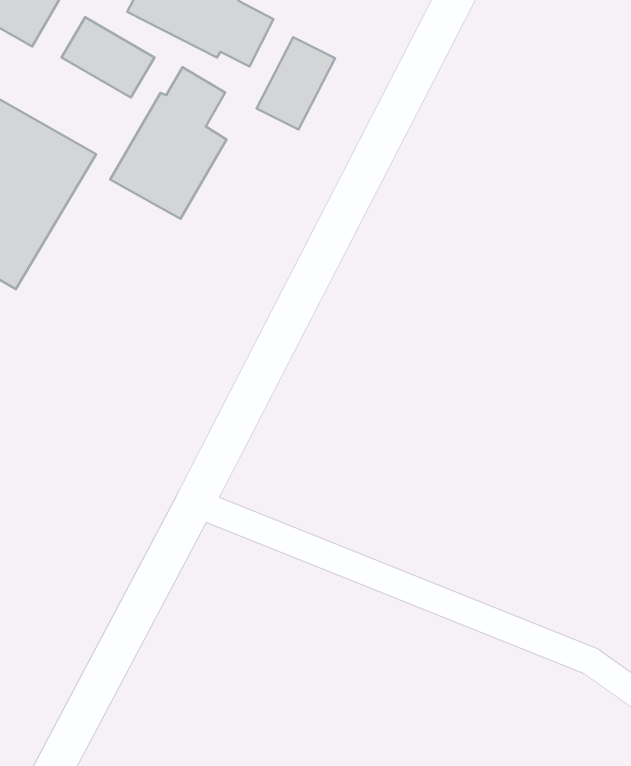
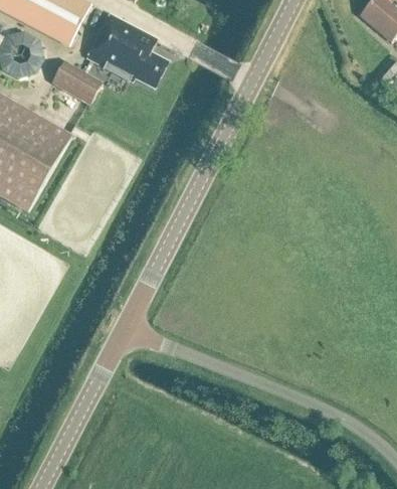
building: [256,37,335,130] -> none
building: [110,67,226,219] -> none

